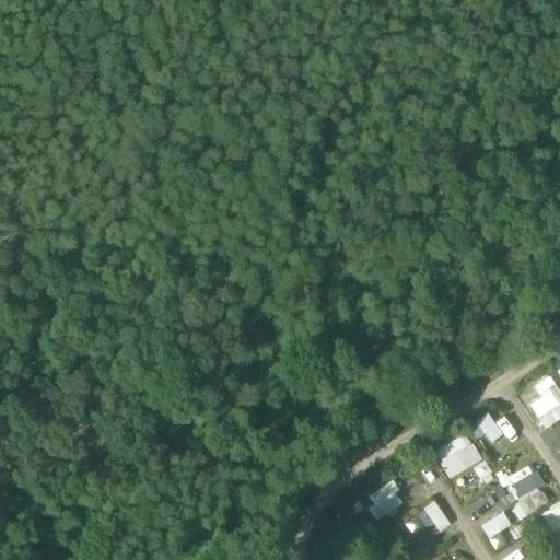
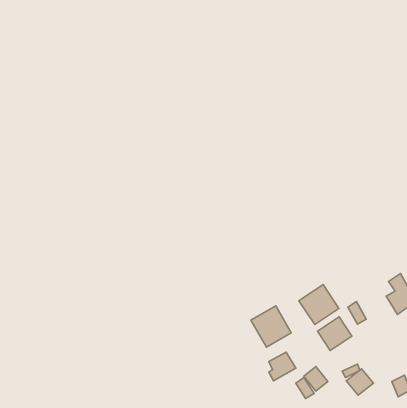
building: none -> [299,285,339,325]
building: none -> [251,306,291,347]
building: [504,464,547,503] -> none

